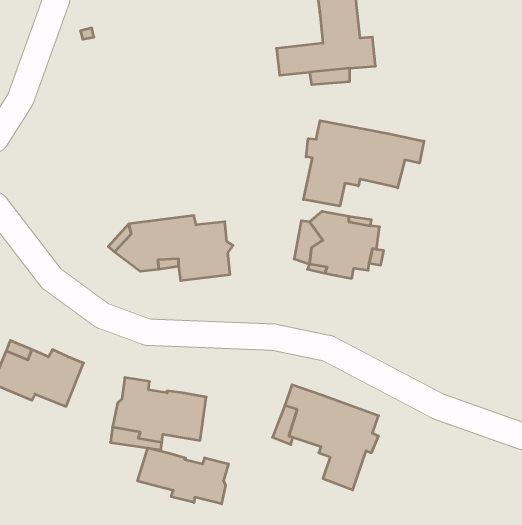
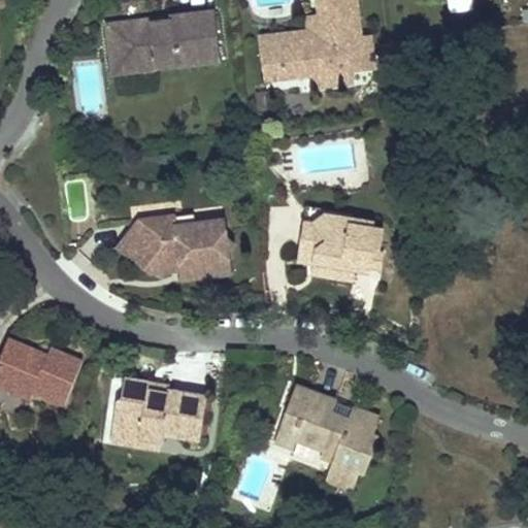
building: none -> [106,11,218,74]
building: none -> [259,12,323,78]
building: [303,121,424,206] -> none
building: [138,448,229,504] -> none

